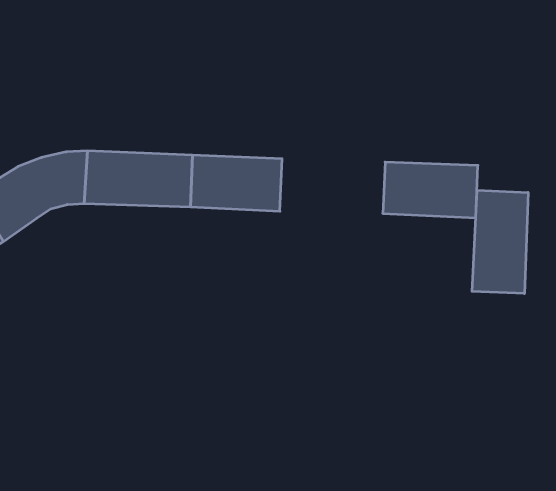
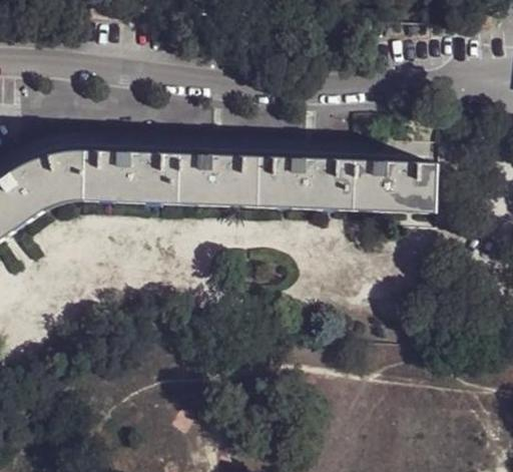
building: none -> [259,158,353,207]
building: [472,190,528,294] -> none

